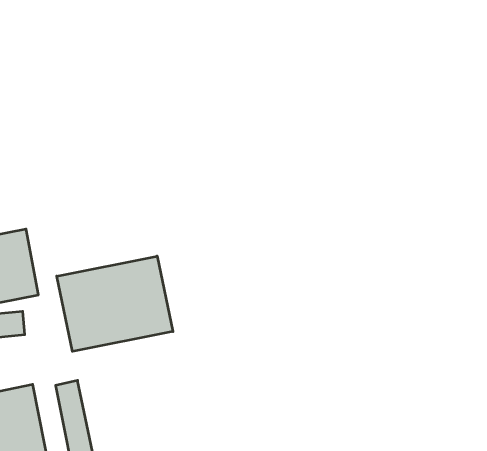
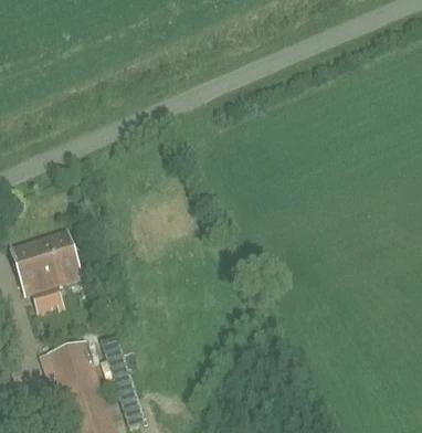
building: [57,256,173,351] -> none

